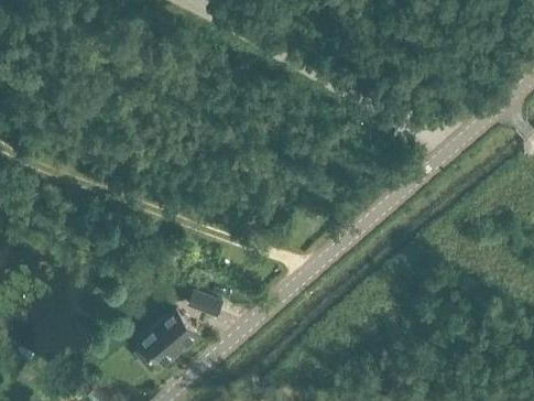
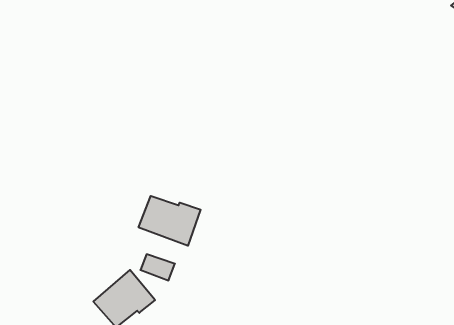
building: none -> [139,196,201,246]

